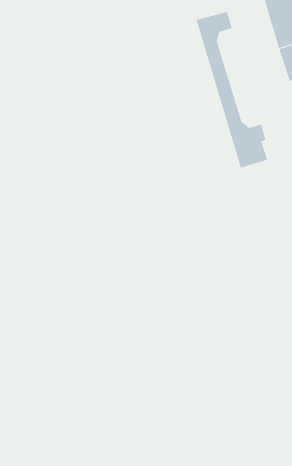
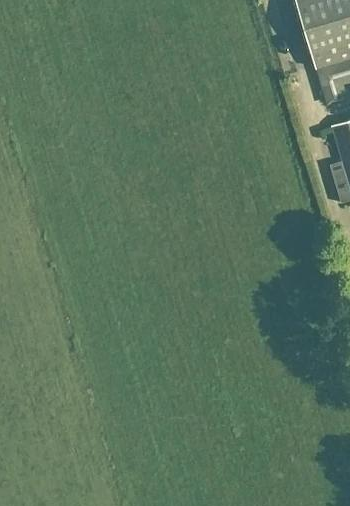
building: [196,11,268,168] -> none

